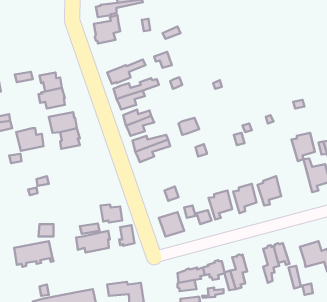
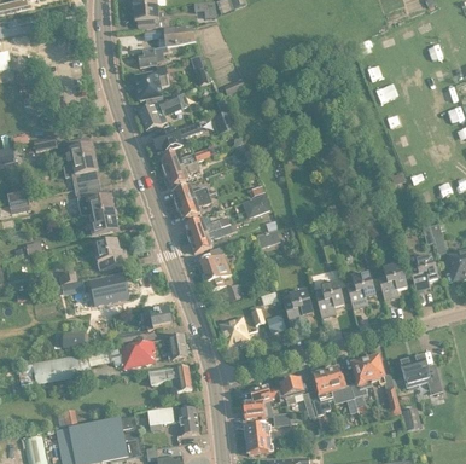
building: none -> [139,95,184,130]
building: [16,128,44,151] -> [93,240,128,269]
building: [291,133,315,161] -> [377,263,407,300]
building: none -> [200,245,232,290]
building: none -> [92,276,128,304]
building: none -> [150,366,191,392]
building: none -> [326,367,359,413]

